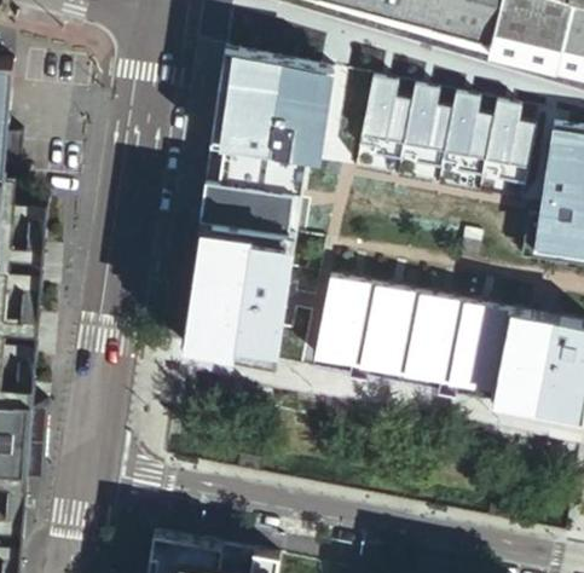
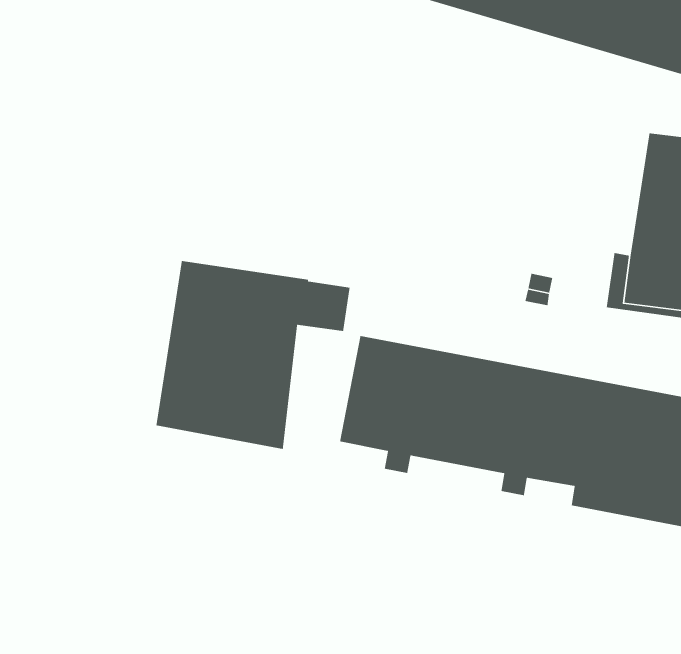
building: [198,46,334,235] -> none
building: [358,75,536,186] -> none

